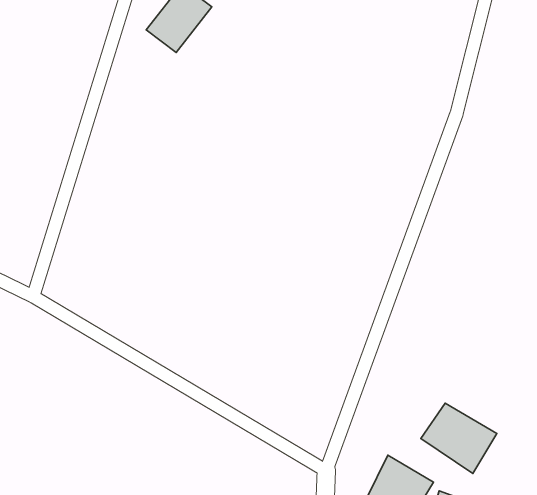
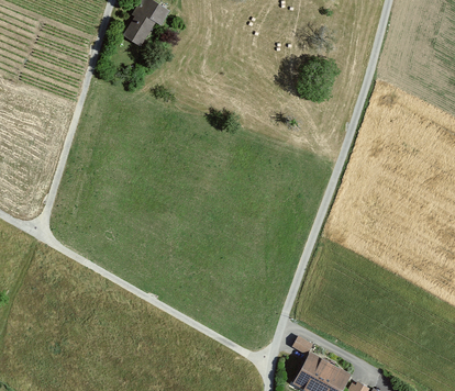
building: [421,403,497,474] -> none

